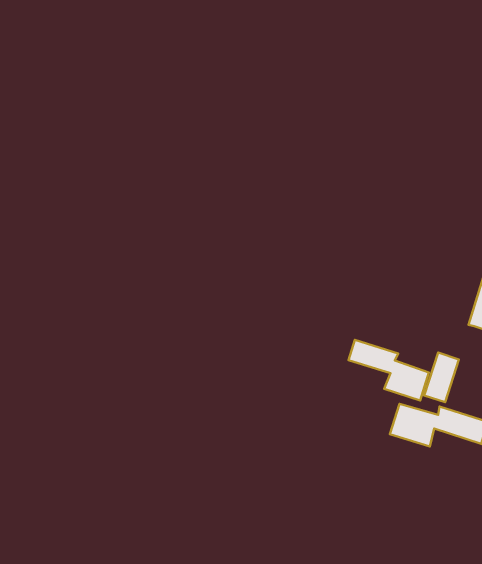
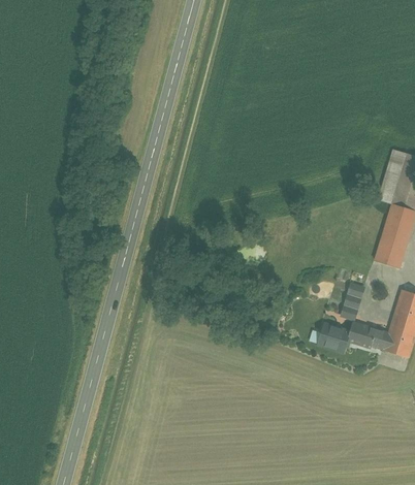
building: [348,340,429,400] -> none

